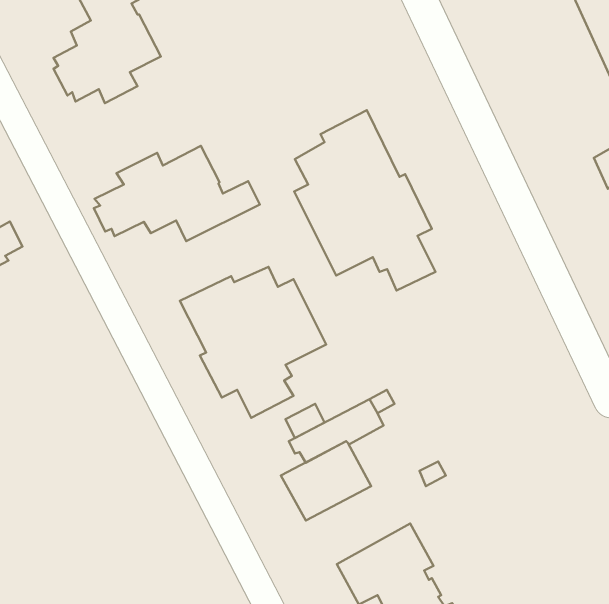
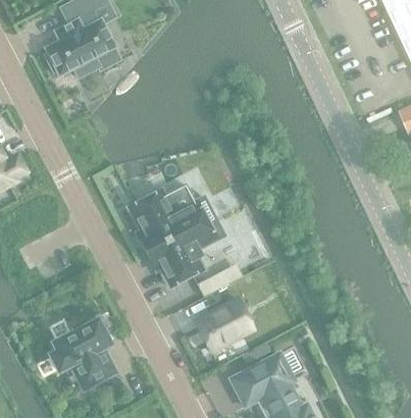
building: [294,110,436,290] -> none
building: [94,146,260,241] -> none
building: none -> [50,313,115,388]

